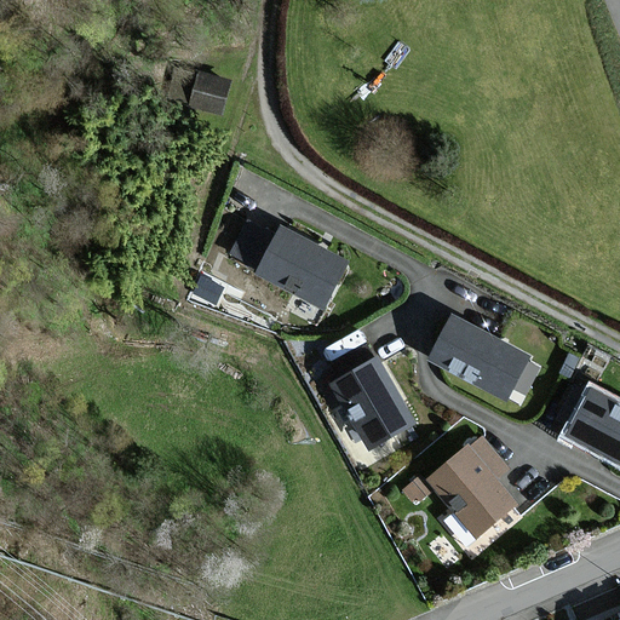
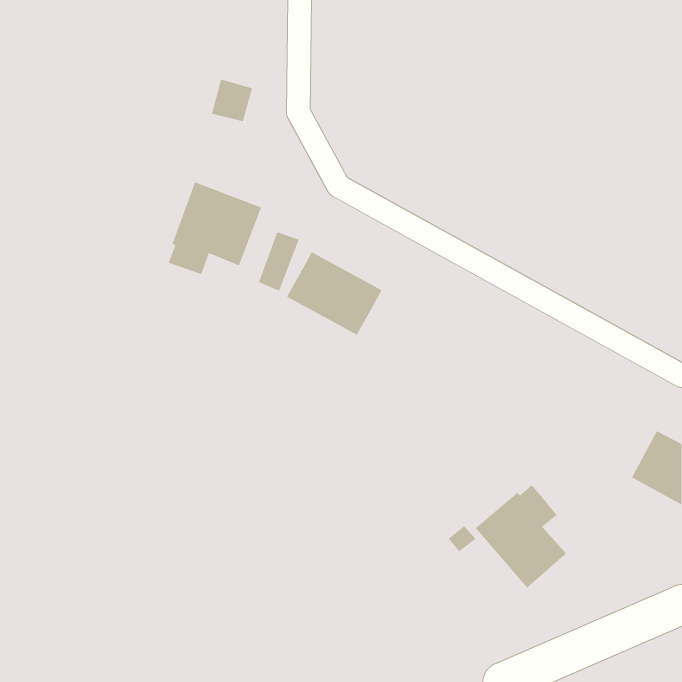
building: none -> [168,182,262,275]
building: [432,315,528,395] -> none
building: [334,358,413,446] -> none

